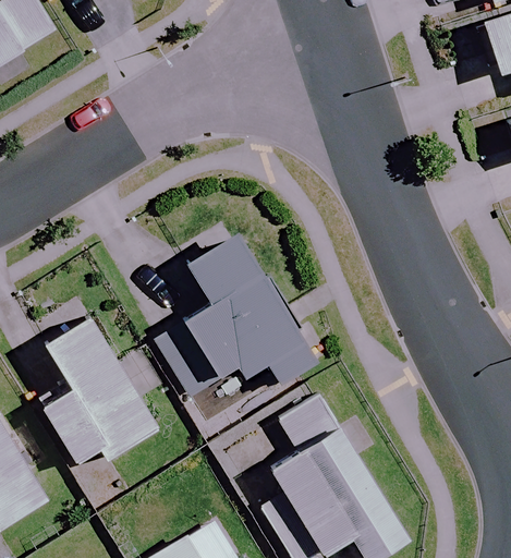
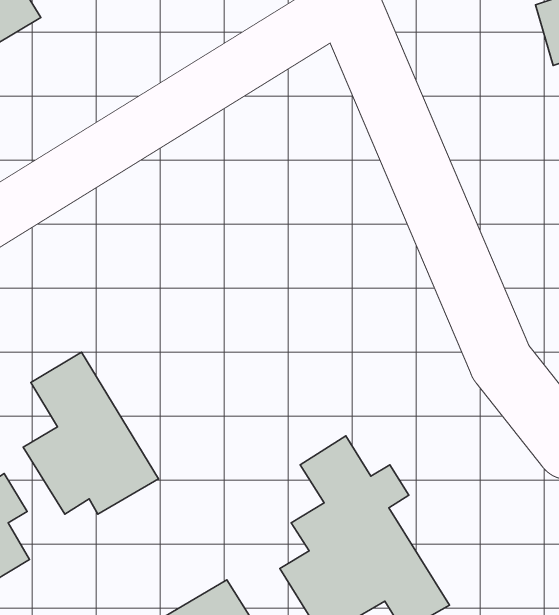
building: [159,234,315,395] -> none

